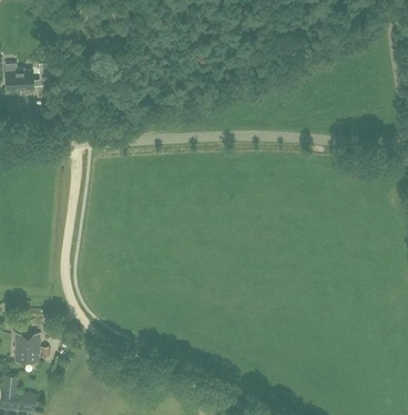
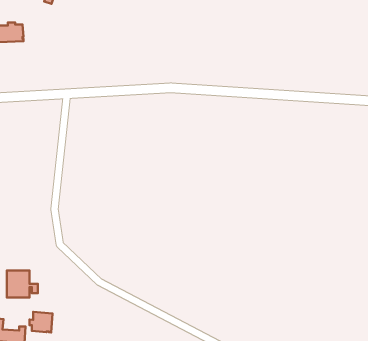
building: none -> [29,312,53,332]

